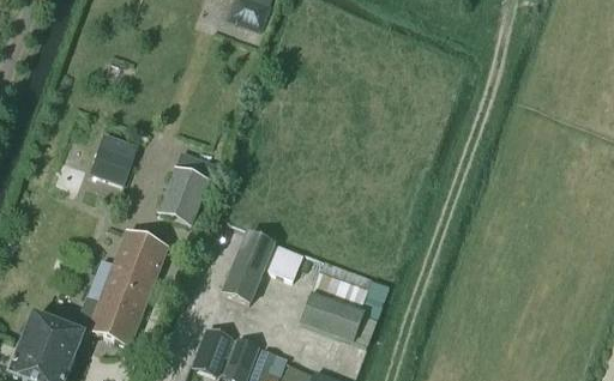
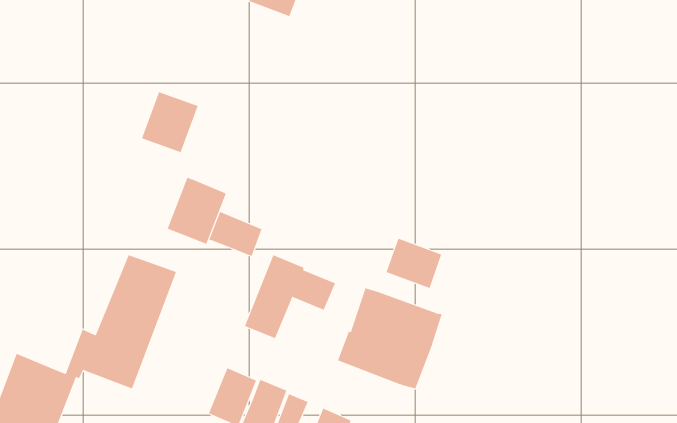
building: [91,133,139,185] -> [141,91,199,153]
building: none -> [209,211,262,257]
building: none -> [386,238,442,289]

